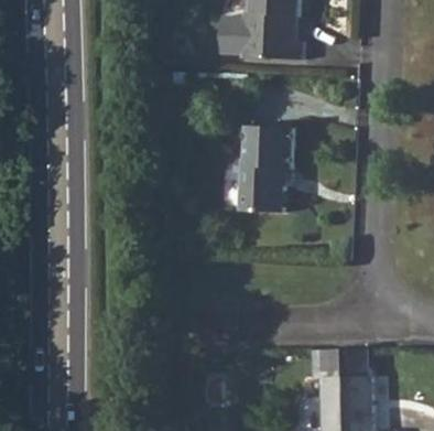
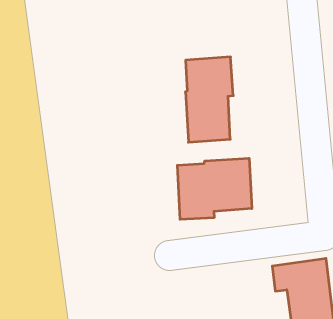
building: none -> [177,158,252,219]

